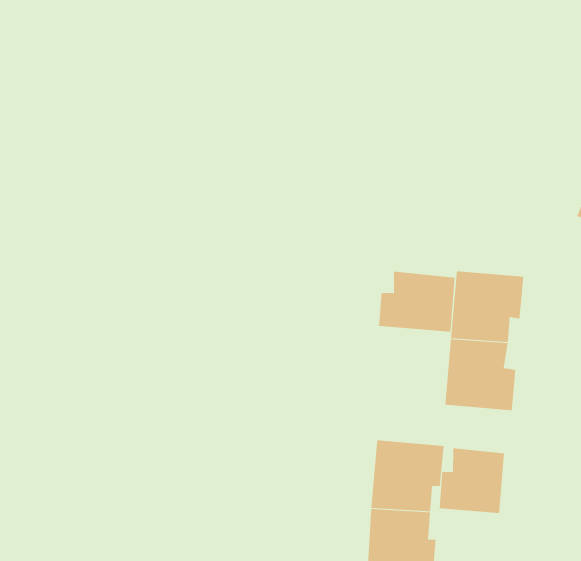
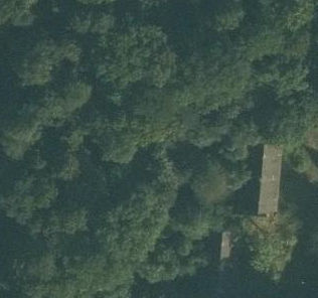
building: [379,271,455,333] -> none
building: [439,447,505,514] -> none

